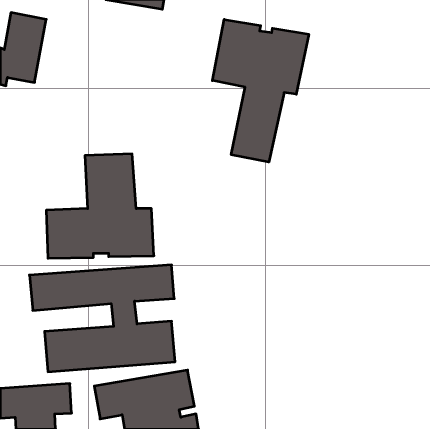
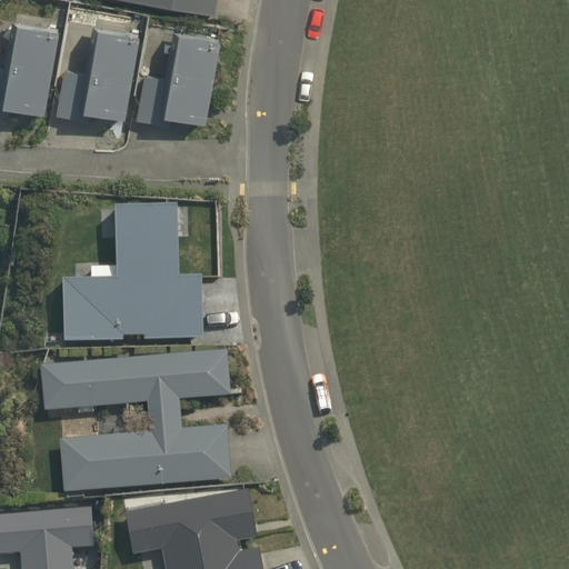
building: none -> [56,21,141,118]
building: [212,19,309,162] -> none
building: none -> [136,27,221,123]

